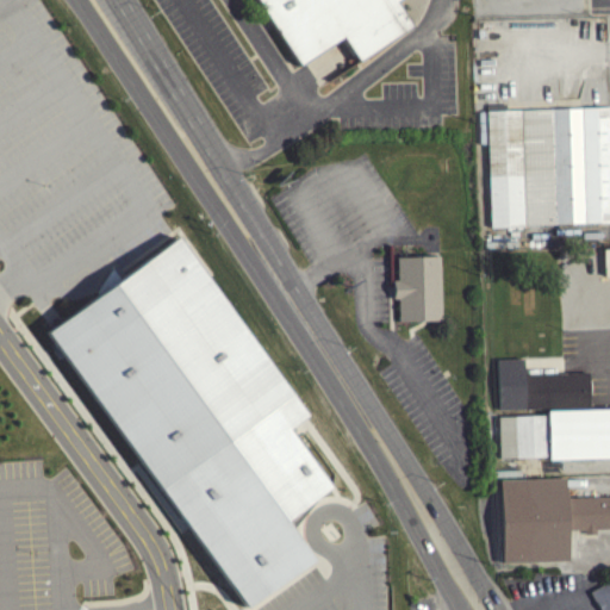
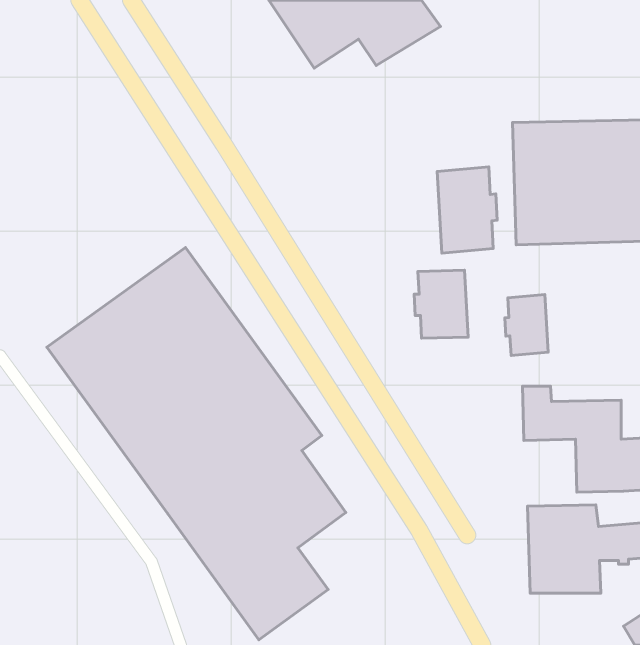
building: none -> [437,167,497,253]
building: none -> [505,295,548,355]
building: [499,421,546,463] -> none

